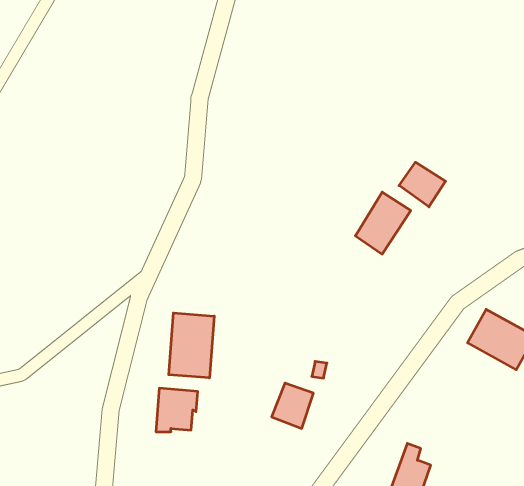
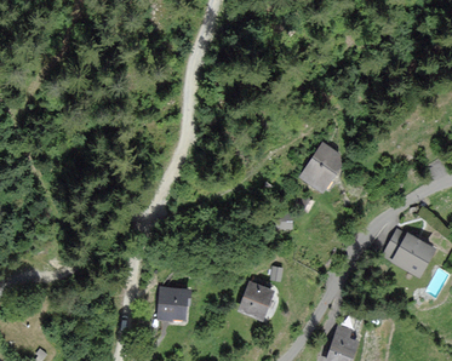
building: [399,162,446,207] -> none
building: [169,313,214,378] -> none

